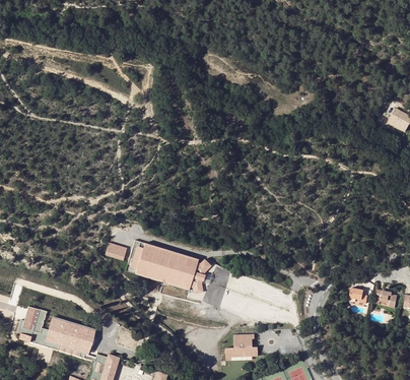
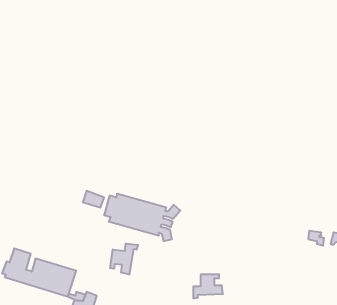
building: none -> [110,243,138,275]

